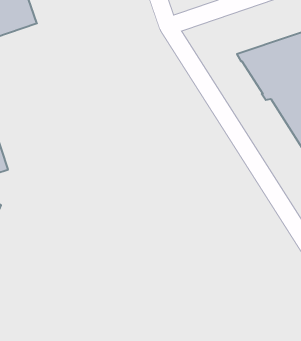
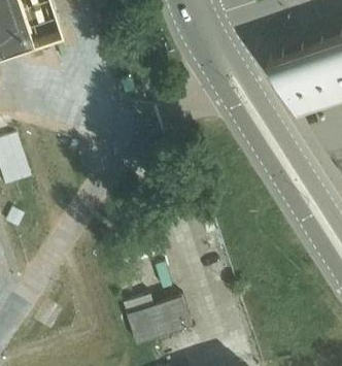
building: none -> [125,297,193,346]

